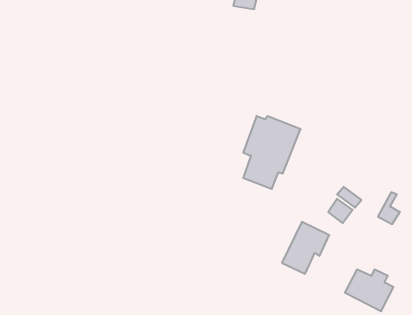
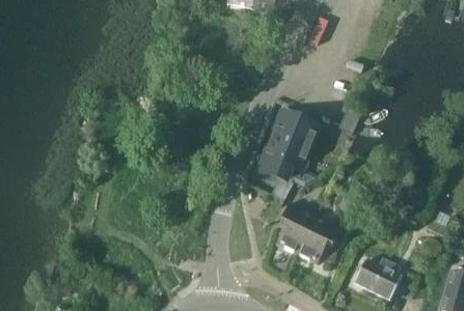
building: none -> [277,200,317,252]

